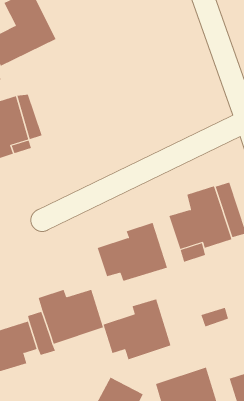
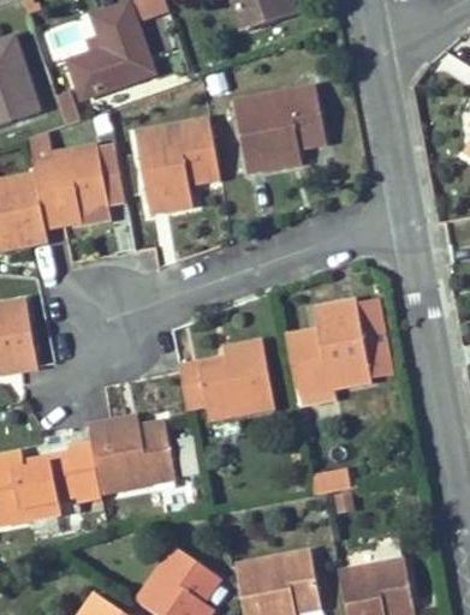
building: none -> [233,80,326,174]
building: none -> [135,117,221,214]
building: [103,299,171,360] -> none

